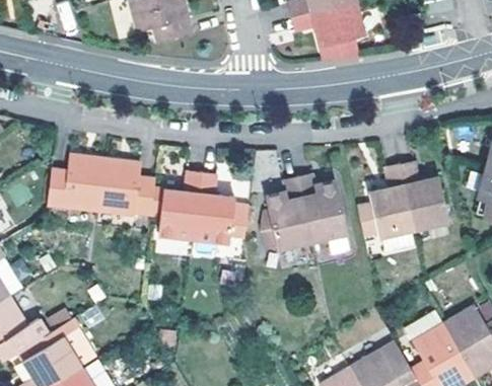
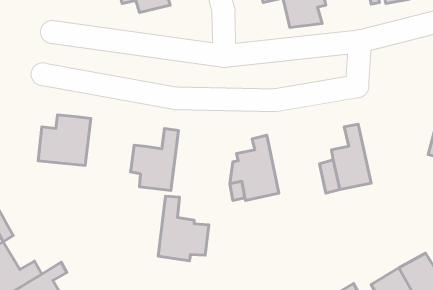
building: [99,159,154,215] -> none
building: [400,162,448,230] -> none
building: [194,172,250,243] -> [158,196,209,261]
building: [299,174,350,255] -> none

